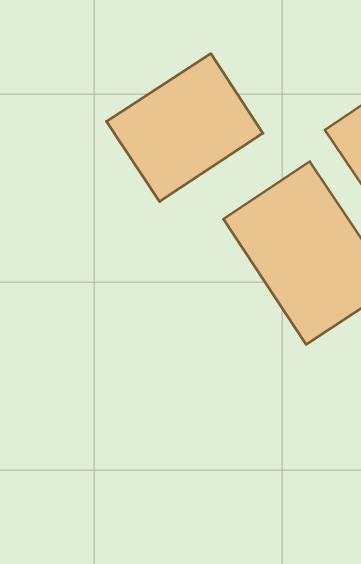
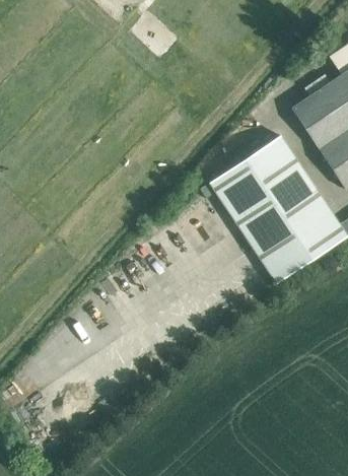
building: [106,54,263,202] -> none

